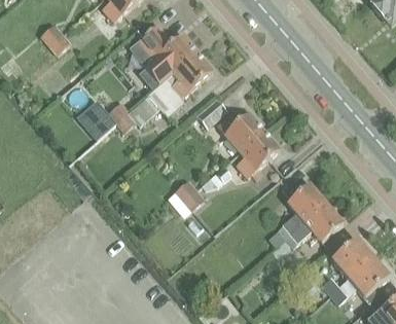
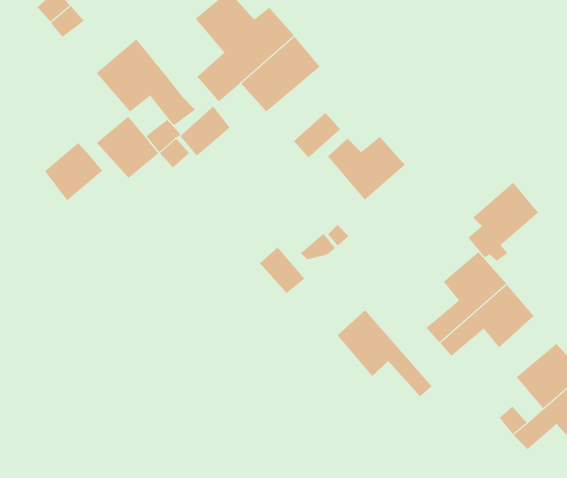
building: none -> [96,38,196,126]
building: none -> [44,142,103,201]
building: [237,131,280,179] -> [468,182,539,262]
building: none -> [337,309,432,397]

